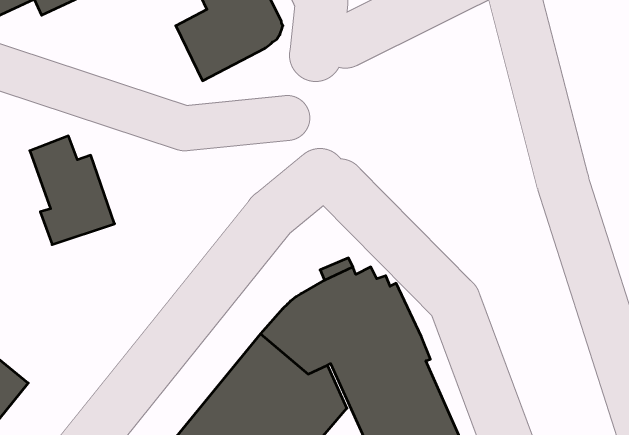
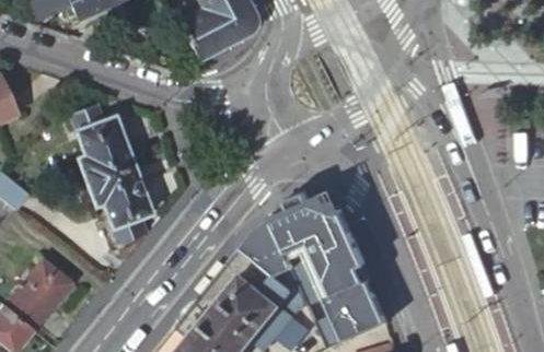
building: none -> [88,166,150,243]

